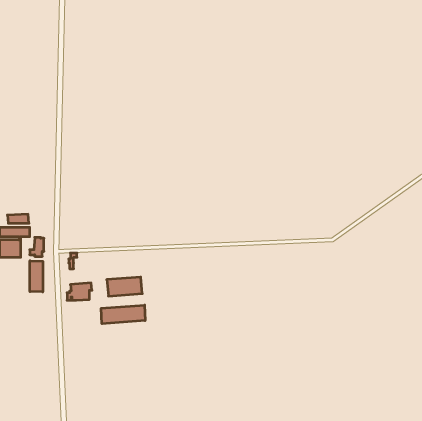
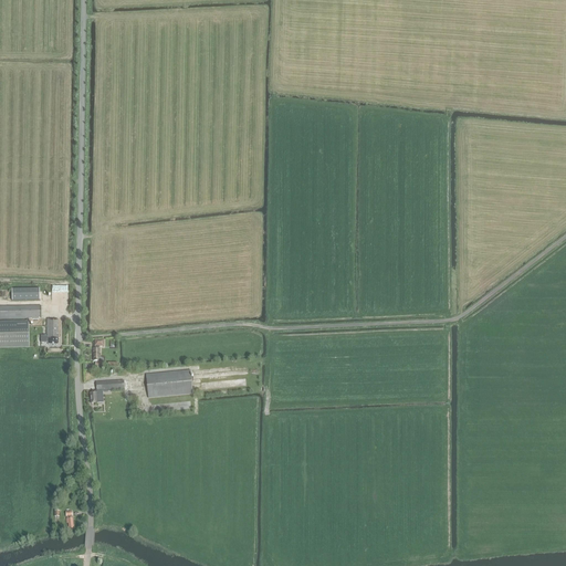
building: [30,261,43,292] -> none
building: [101,305,145,324] -> none

